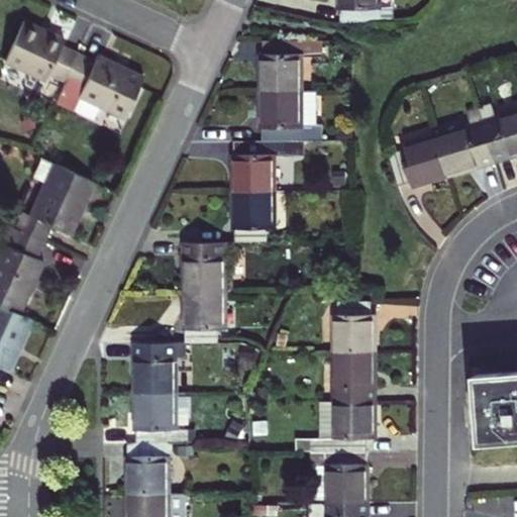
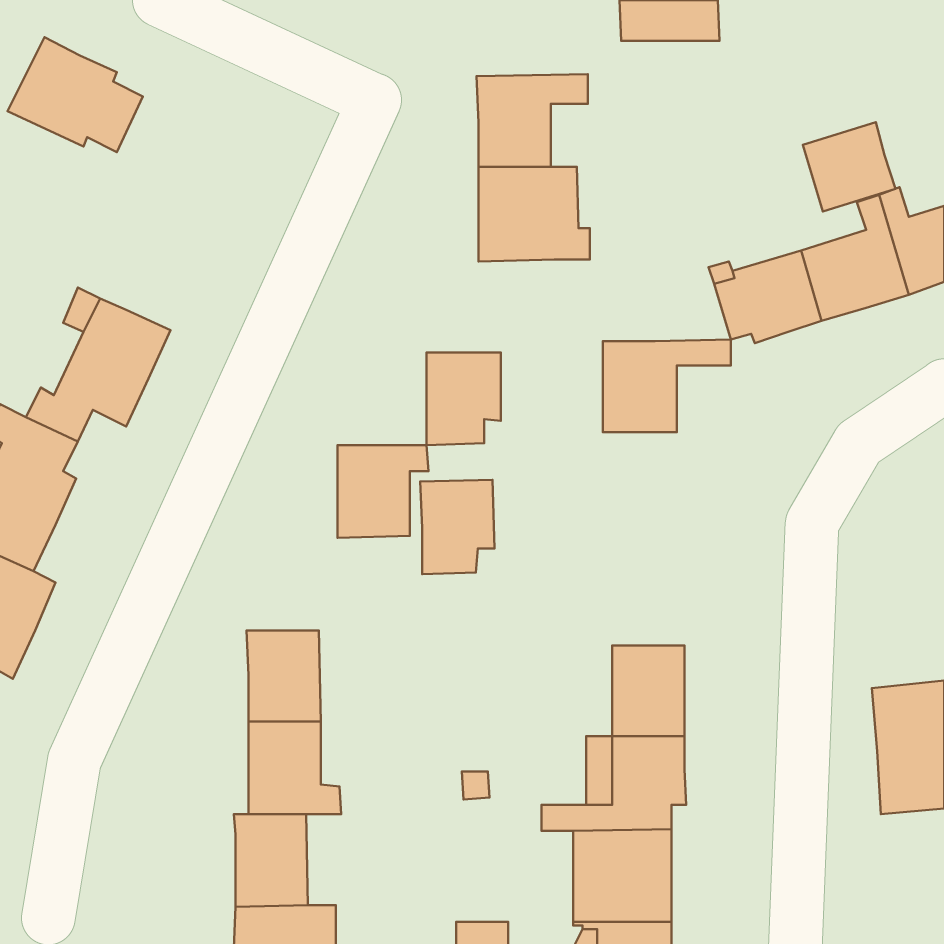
building: [56,55,142,117] -> none
building: none -> [803,122,896,212]
building: [232,143,302,194] -> [603,339,731,432]
building: [184,294,224,345] -> [420,480,494,574]
building: [333,304,373,353] -> none

